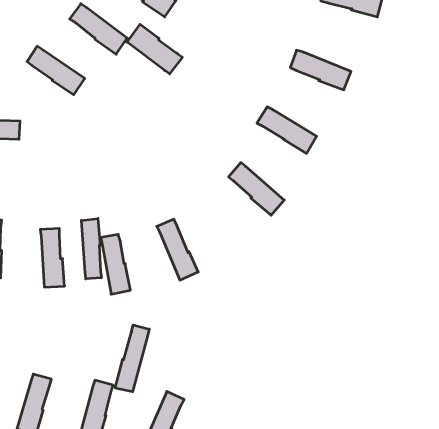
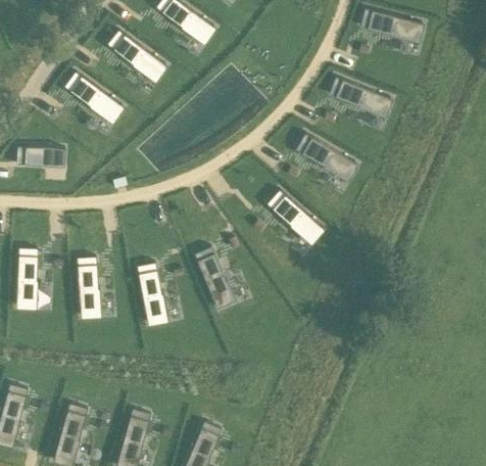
building: [127,24,182,74] -> none
building: [81,218,101,279] -> none
building: [115,325,149,392] -> none

